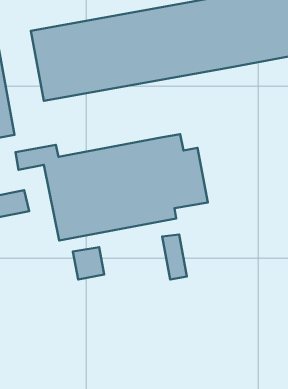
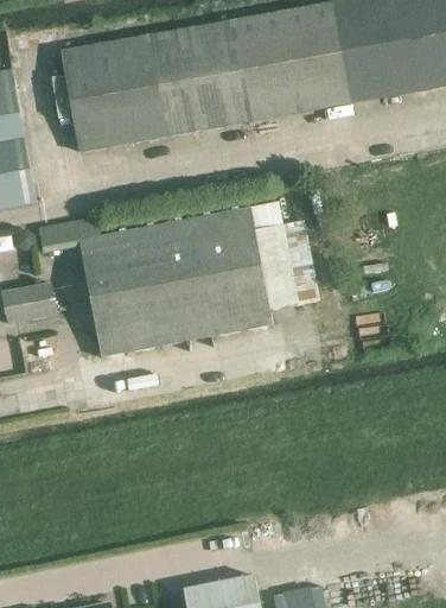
building: [162,234,187,280] -> none
building: [73,247,104,279] -> none

